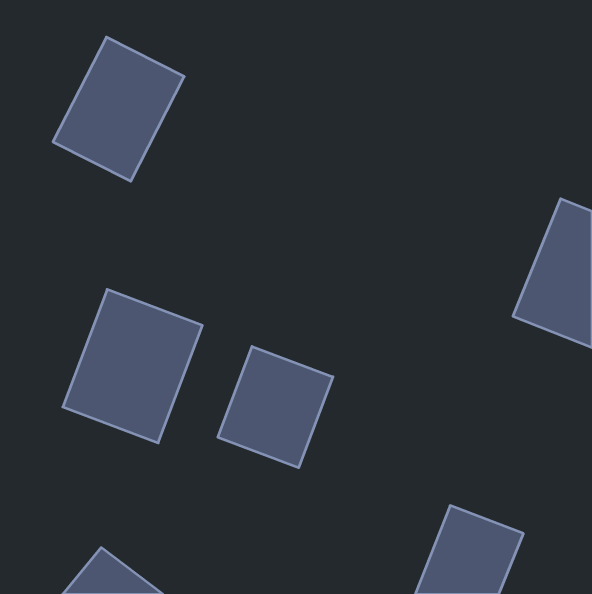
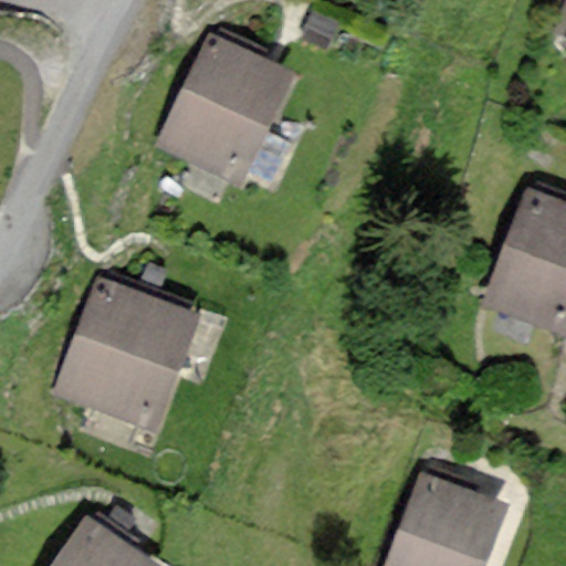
building: [53,37,184,181] -> [163,35,287,172]
building: [218,346,333,468] -> none

